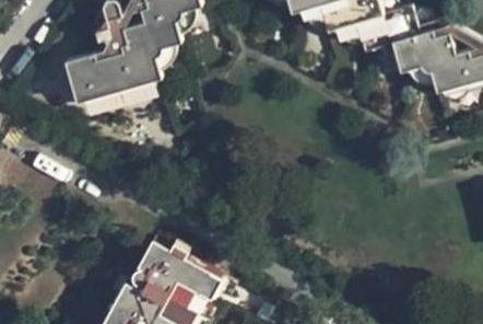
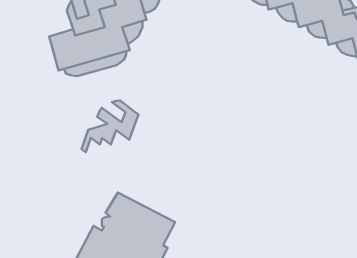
building: none -> [82,100,139,152]

